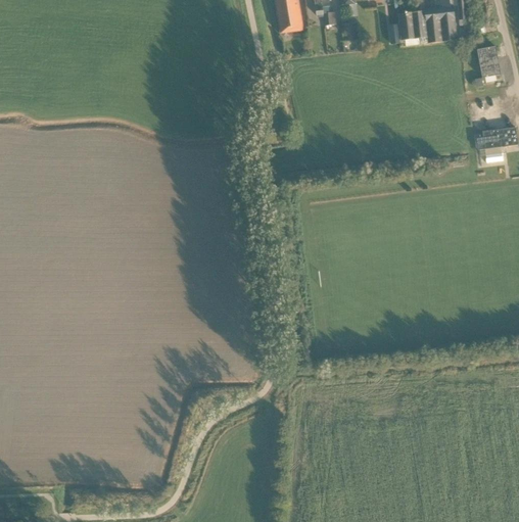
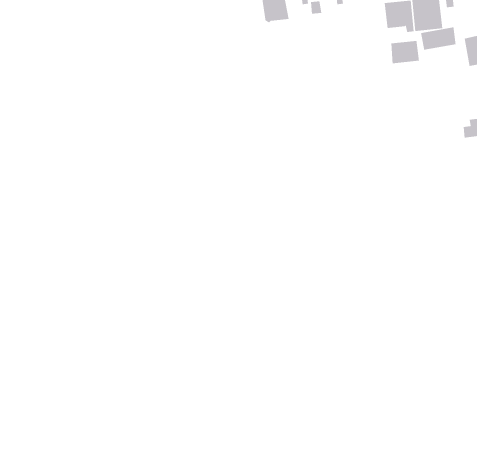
building: none -> [421,27,456,51]
building: none -> [391,40,419,64]

